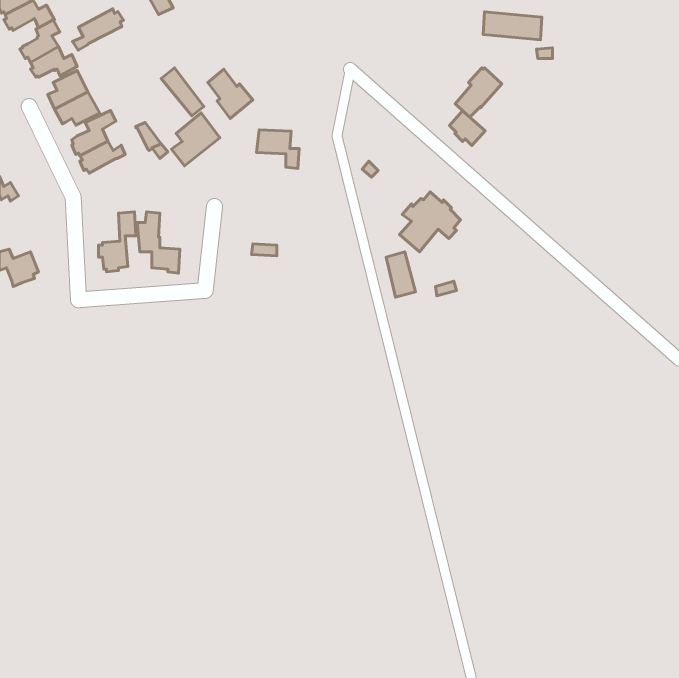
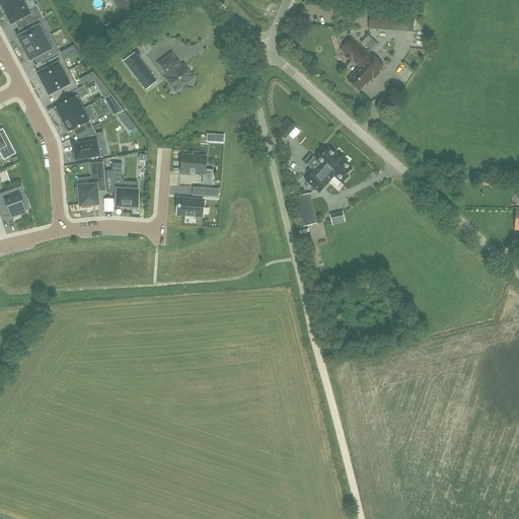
building: [72,9,123,50] -> none
building: [449,111,485,145] -> [340,36,367,63]
building: [172,113,220,166] -> none
building: [257,130,299,168] -> [179,154,212,183]
building: none -> [71,131,104,159]
building: none -> [176,197,202,216]

